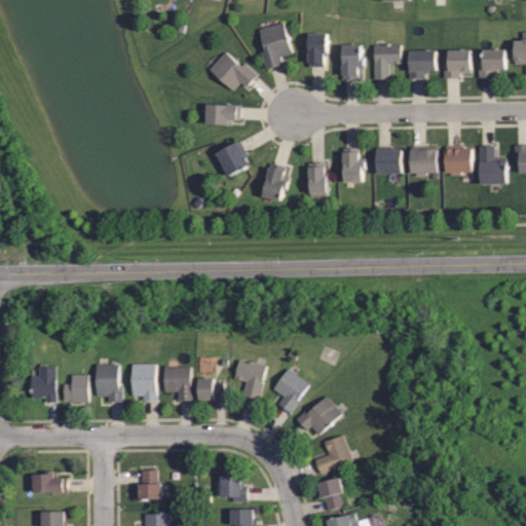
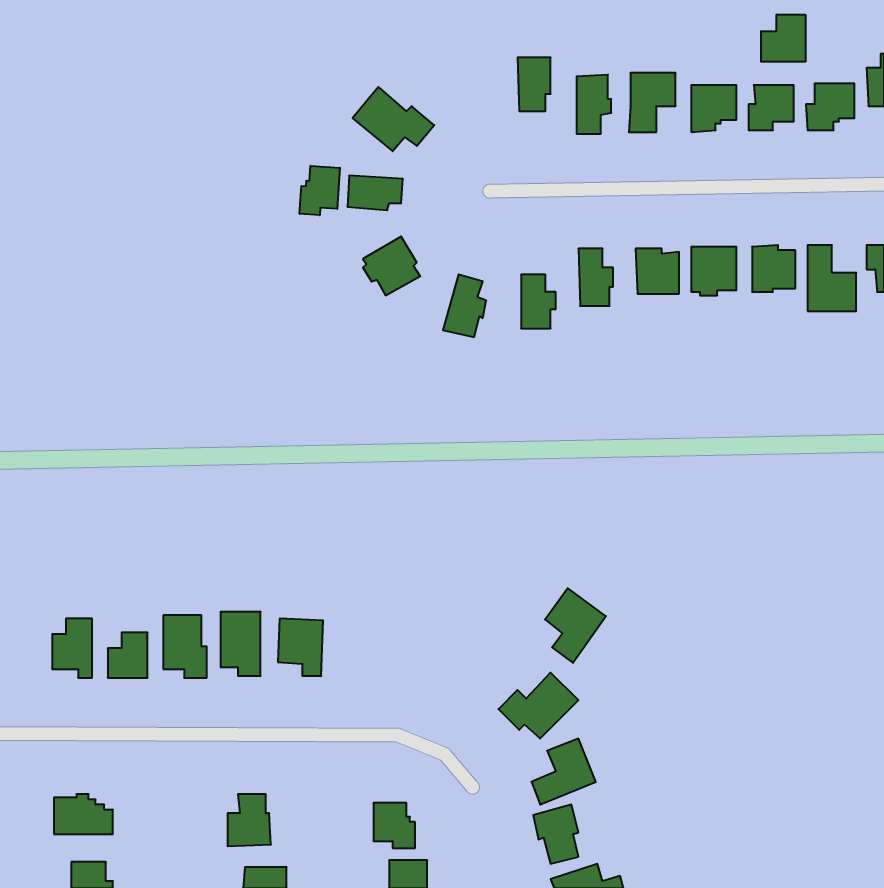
building: none -> [761,15,805,62]
building: [258,22,291,69] -> none
building: none -> [300,166,340,215]
building: [233,362,264,399] -> none
building: [273,370,309,414] -> [545,588,606,663]
building: [198,378,224,404] -> none

